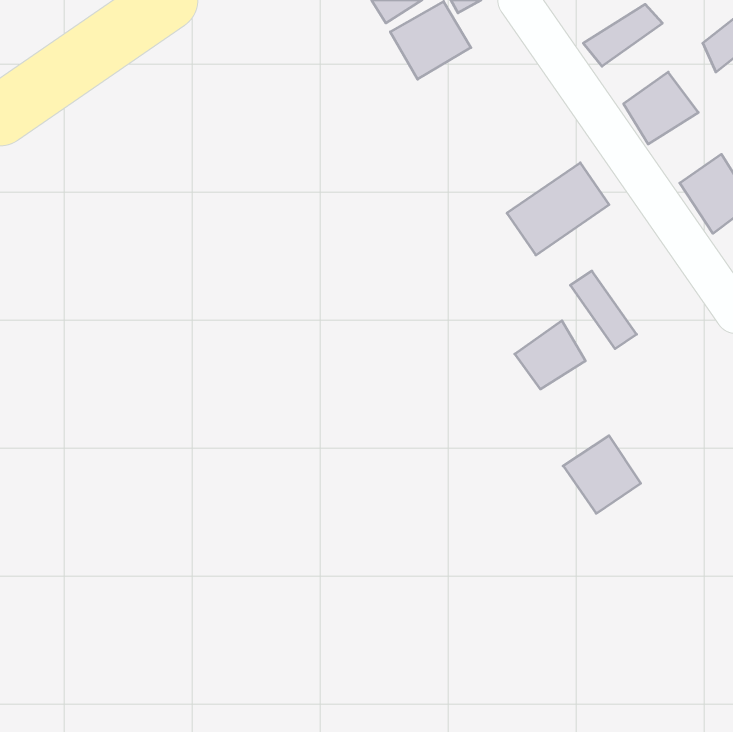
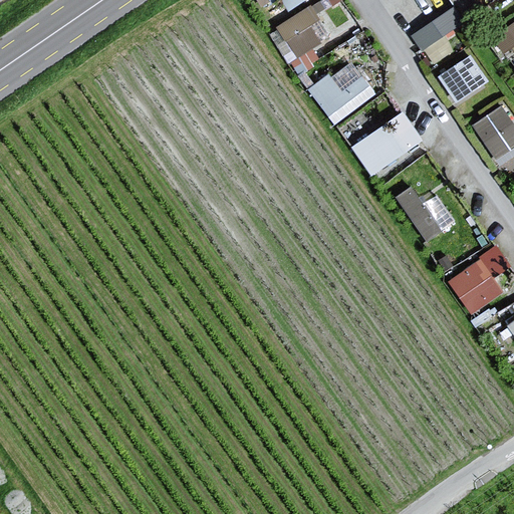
building: none -> [312,62,373,120]
building: [515,321,585,389] -> none
building: [563,436,641,513] -> [452,264,506,318]

